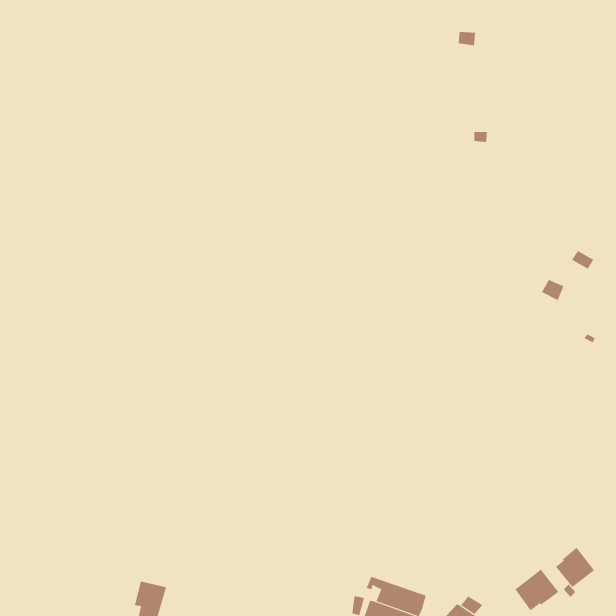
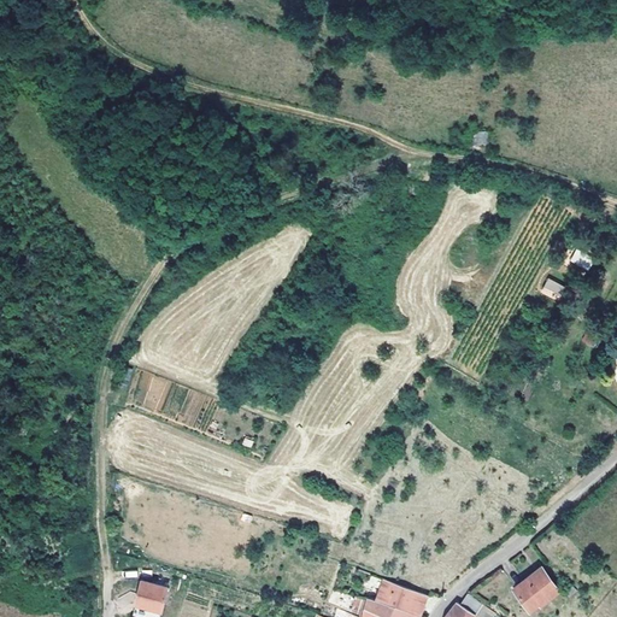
building: [555,547,595,588] -> none

